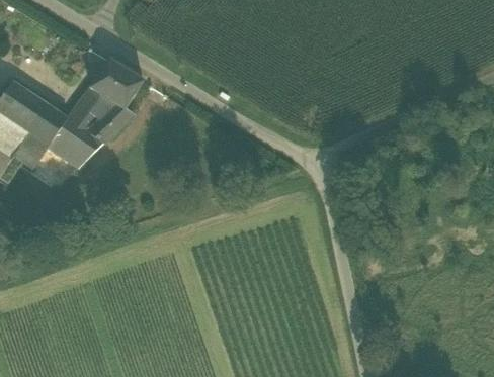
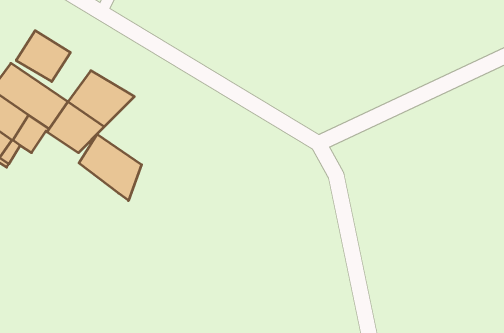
building: [90,58,143,107] -> [16,31,70,82]
building: none -> [79,134,142,201]

